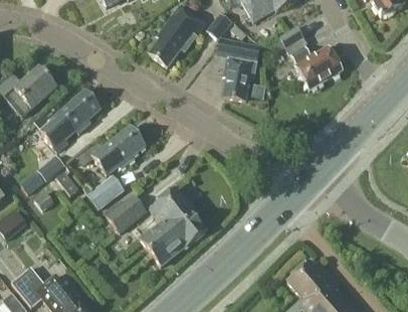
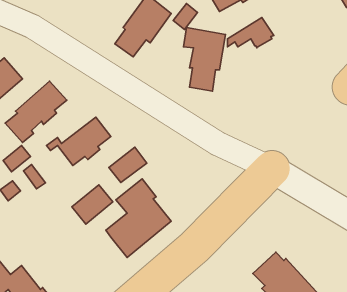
building: [291,46,342,91] -> none
building: [86,173,125,208] -> [109,147,147,182]

